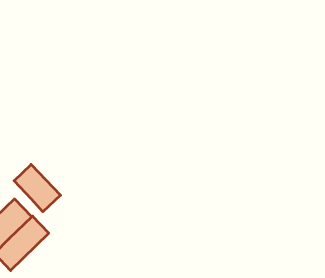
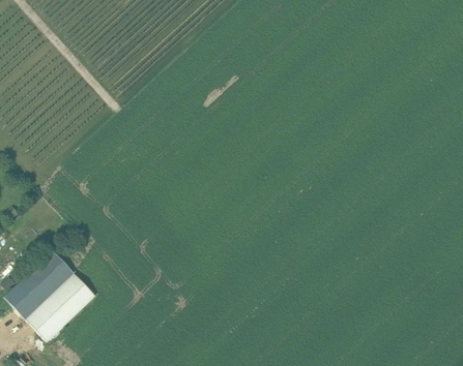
building: [14,164,61,212] -> none

